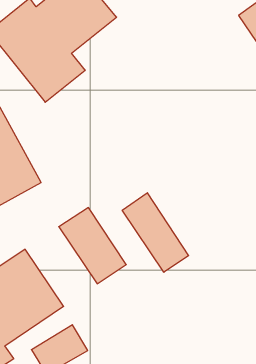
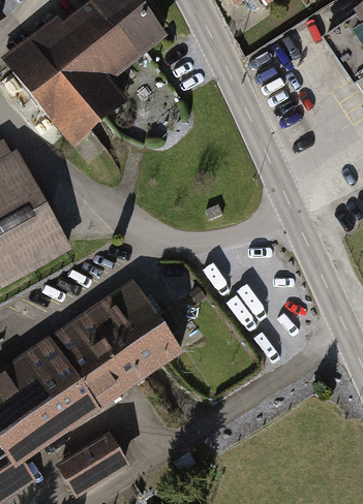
building: [122,193,189,272] -> none
building: none -> [51,306,144,408]

